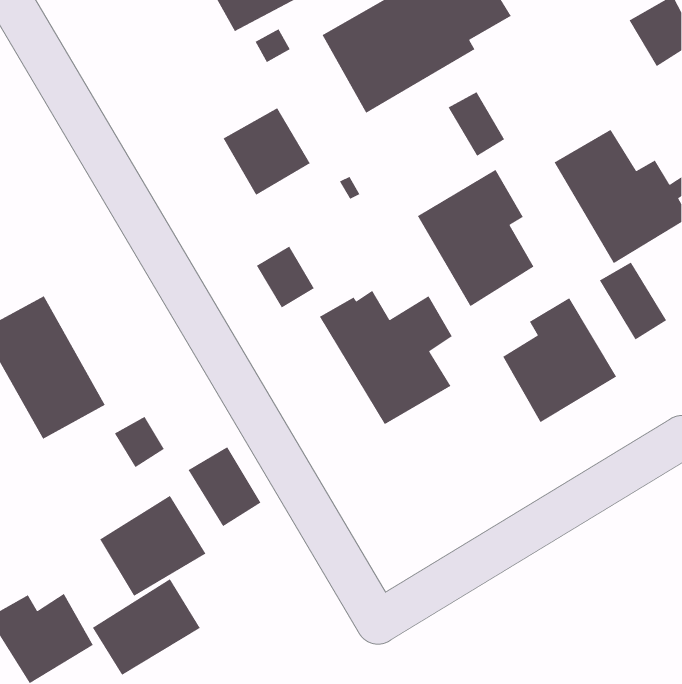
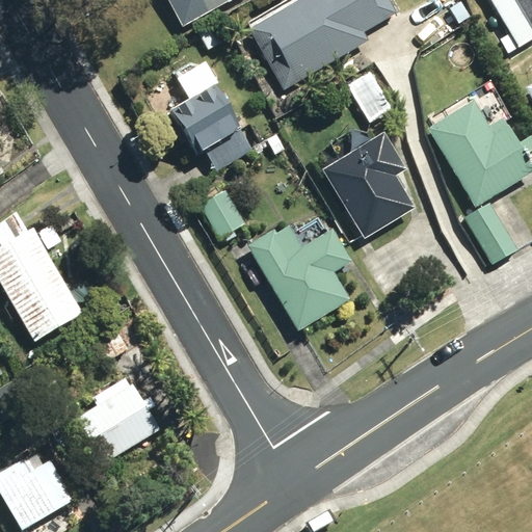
building: [502,297,617,423] -> none
building: [188,446,261,527] -> none
building: [92,578,201,676] -> none

